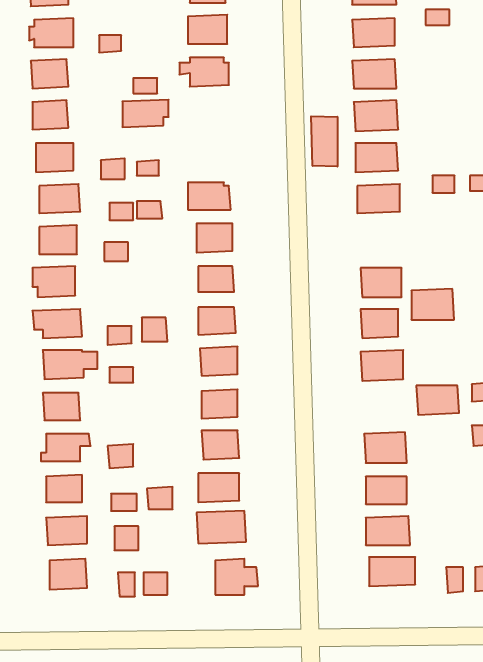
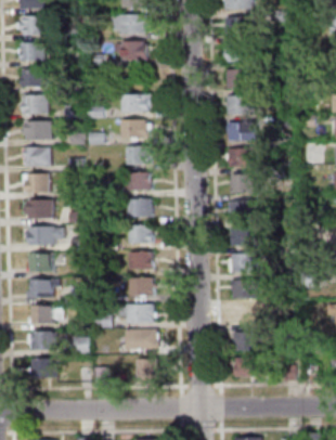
building: [122,100,169,127] -> [121,95,151,113]
building: [311,116,337,167] -> none
building: [411,289,454,320] -> [229,148,256,168]
building: [416,386,459,415] -> [231,255,258,273]

